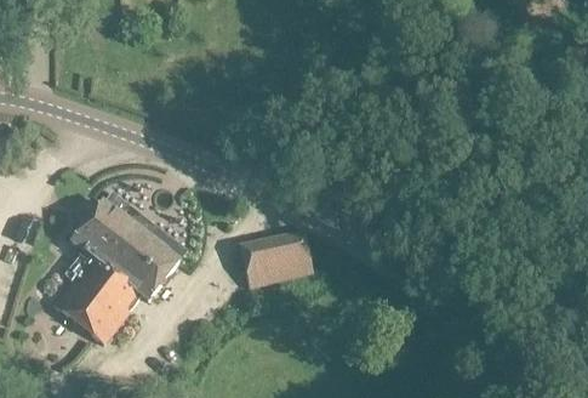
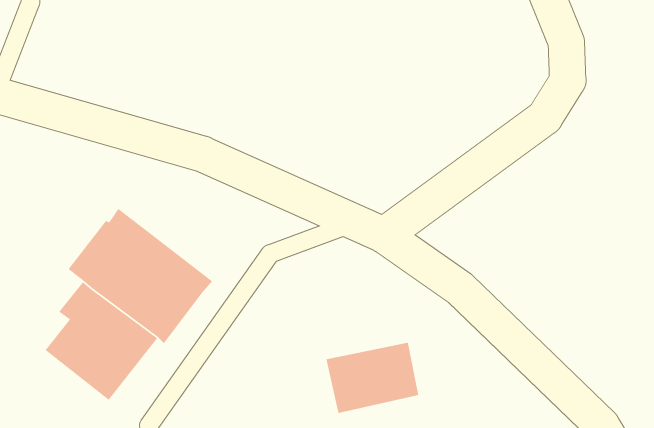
building: [239,231,313,288] -> [325,342,419,414]

